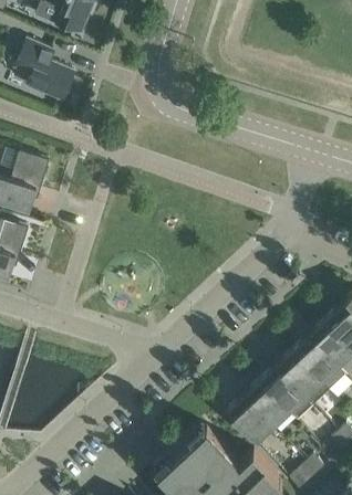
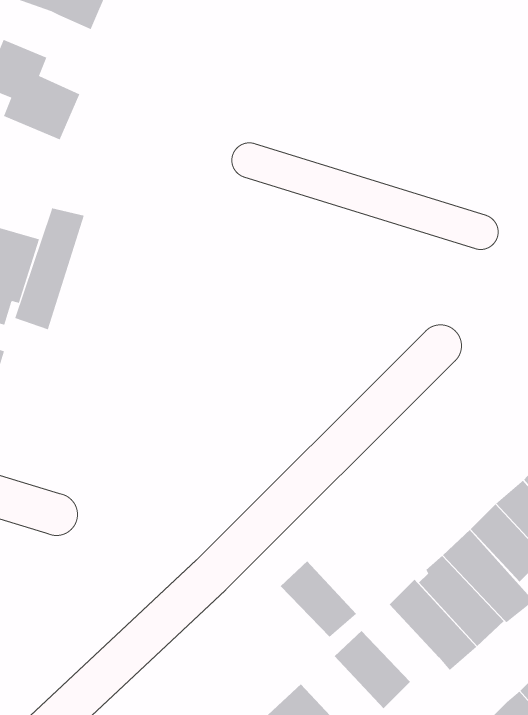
building: none -> [15,208,84,330]
building: [242,382,289,429] -> [280,560,357,638]

